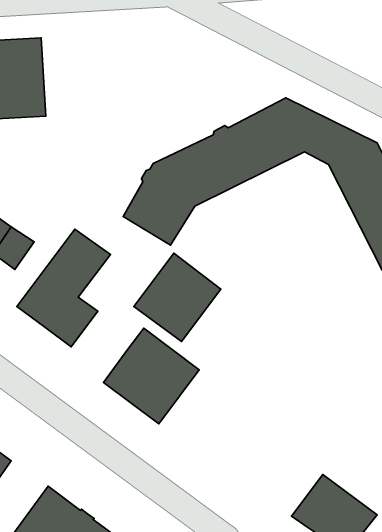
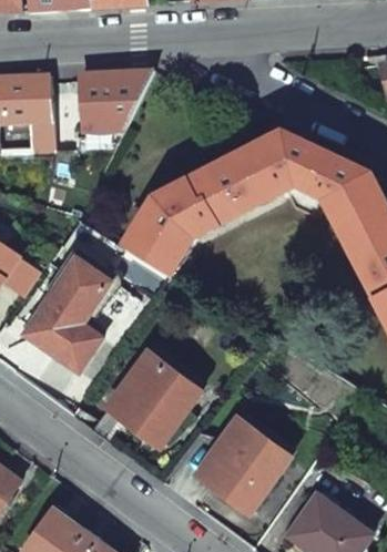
building: none -> [79,69,151,130]
building: [134,253,221,341] -> none
building: none -> [195,419,287,512]

